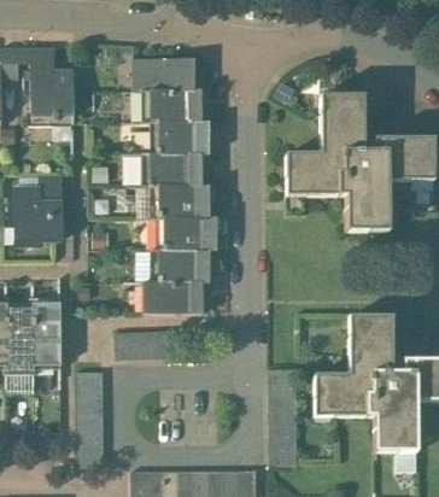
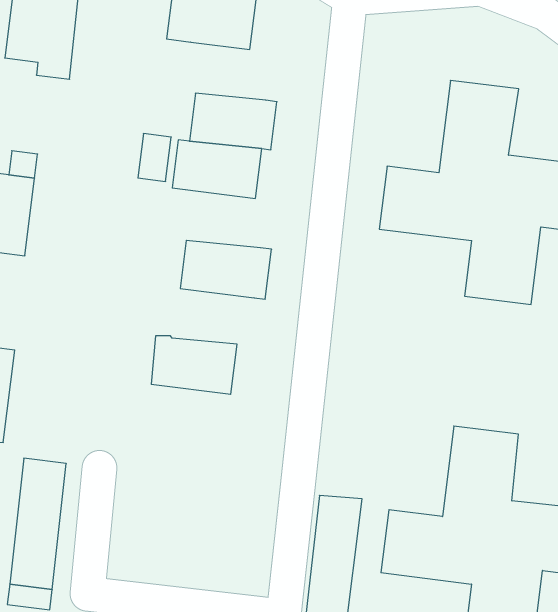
building: [148,90,201,123] -> none
building: [157,186,210,218] -> none
building: [158,250,210,282] -> none
building: [115,331,170,359] -> none

